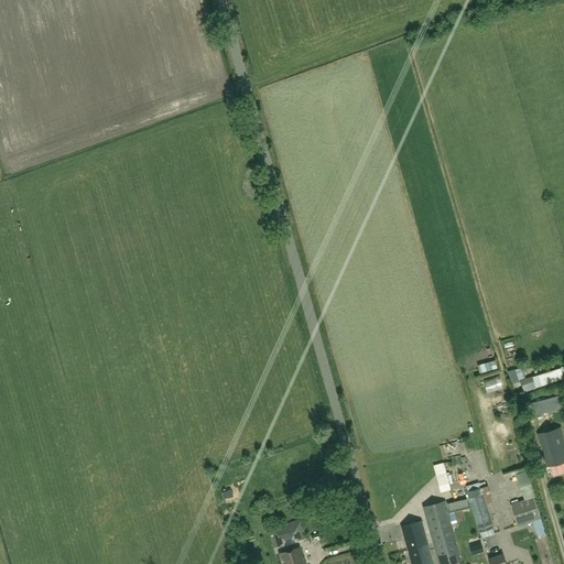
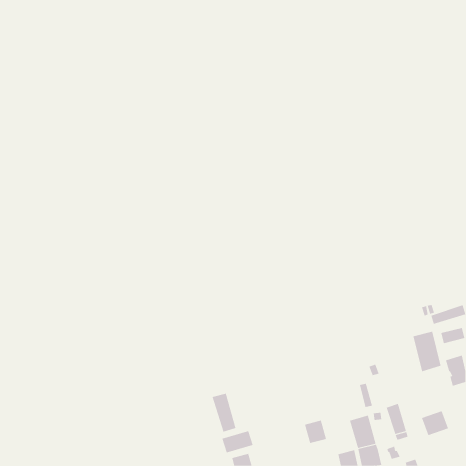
building: none -> [413,331,441,372]
building: none -> [212,393,236,433]
building: [401,520,429,549] -> [304,420,327,444]

